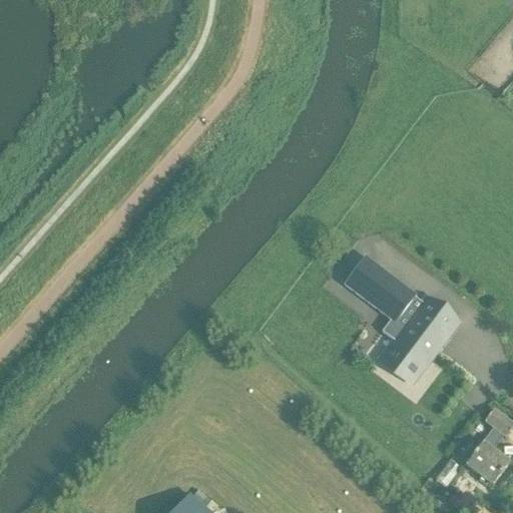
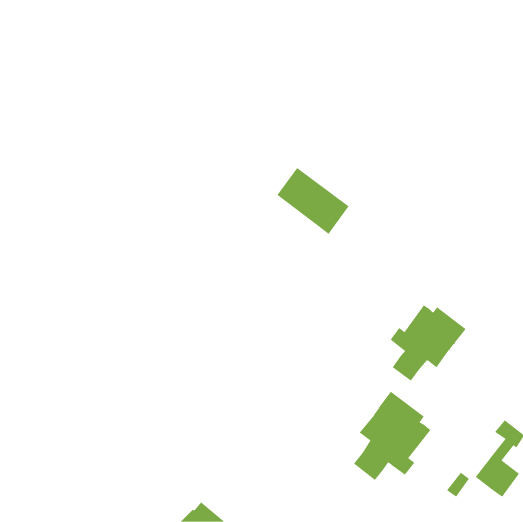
building: [345,258,416,324] -> [276,167,349,235]
building: none -> [353,391,431,481]

